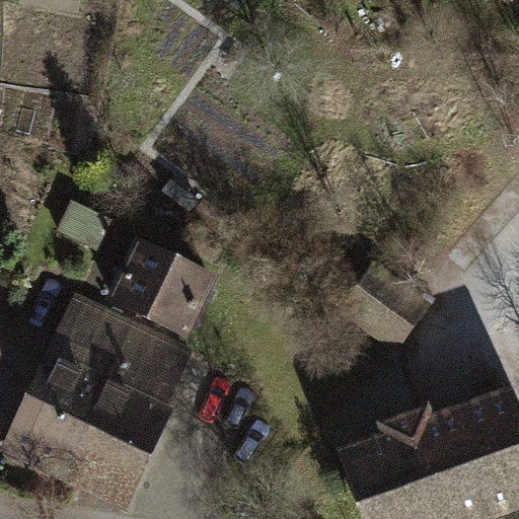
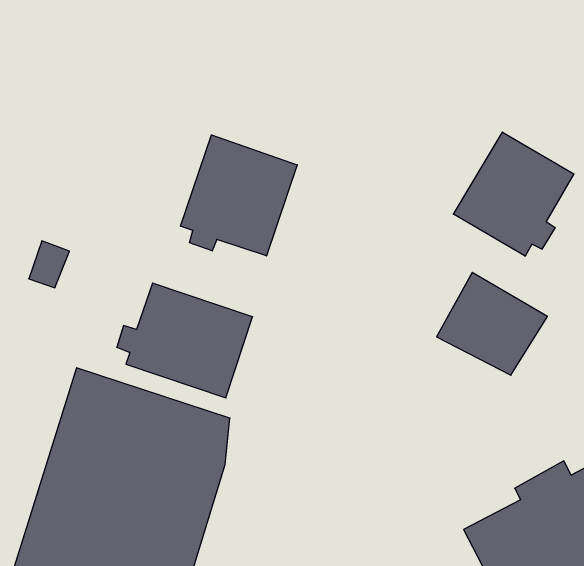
building: none -> [181,135,297,256]
building: none -> [453,132,574,256]

